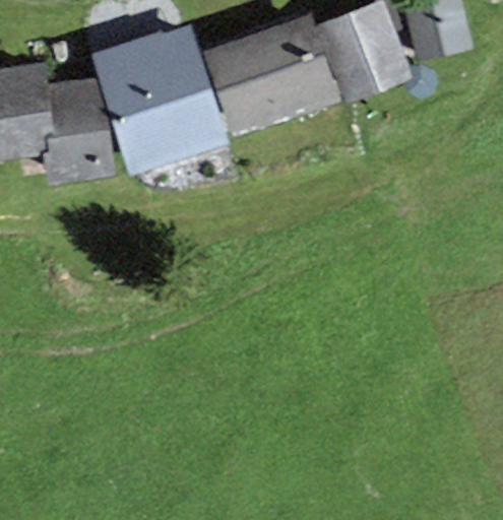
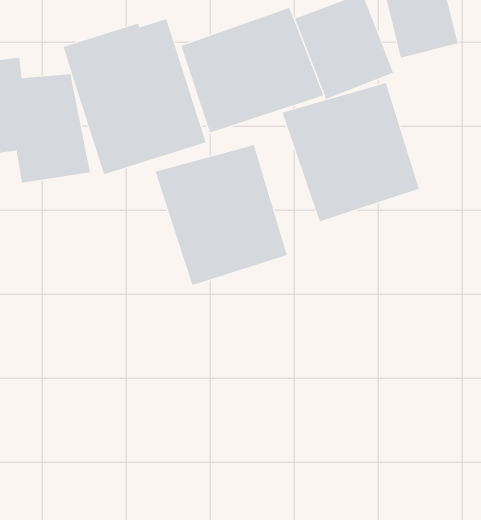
building: none -> [282,82,419,222]
building: none -> [155,144,287,286]

